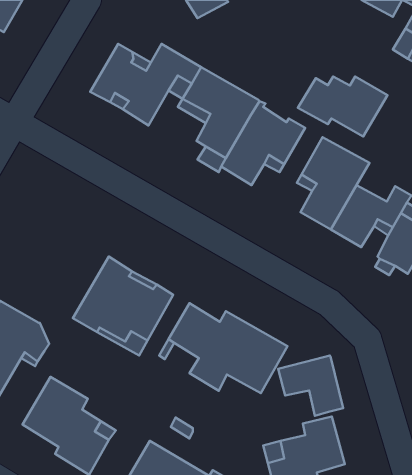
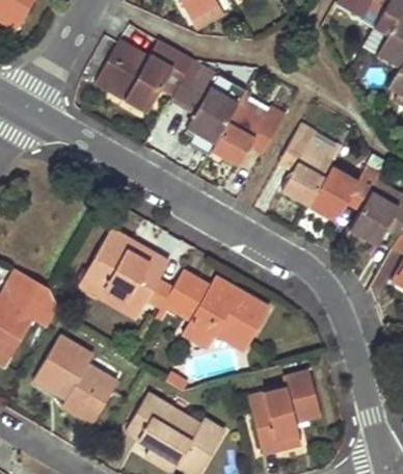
building: [298,76,387,136] -> none
building: [278,355,343,416] -> none

